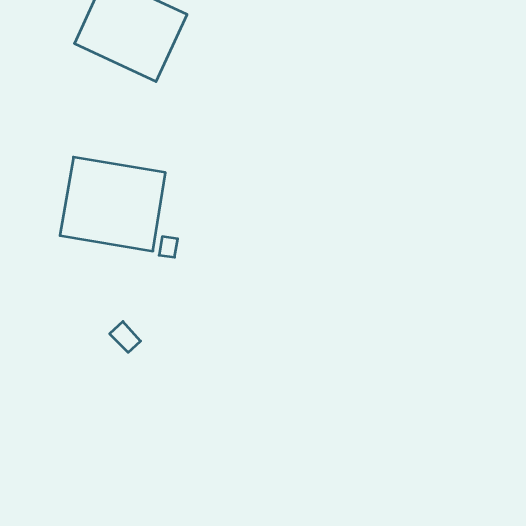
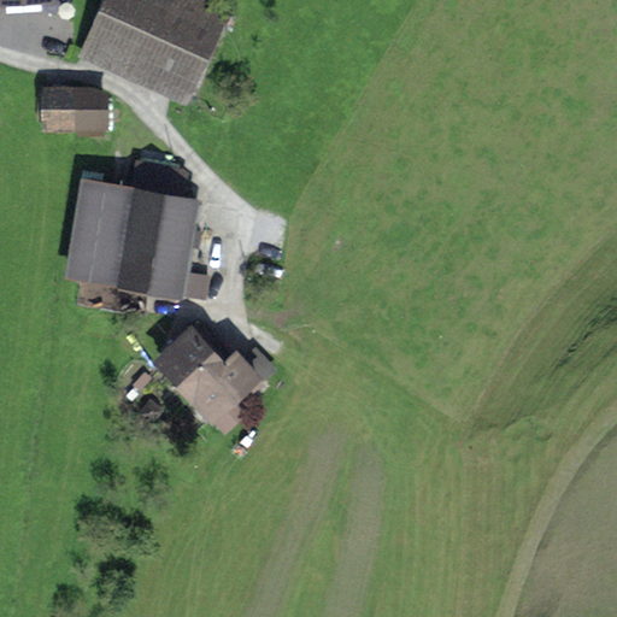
building: none -> [40,93,105,127]
building: none -> [157,331,258,424]

